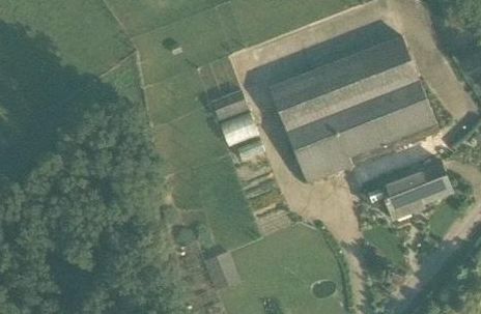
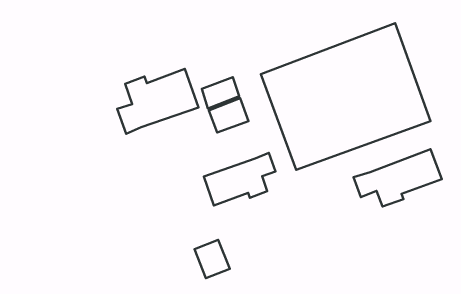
building: none -> [117,69,199,134]
building: none -> [204,153,276,206]

